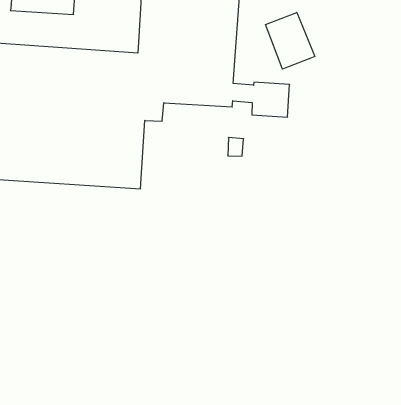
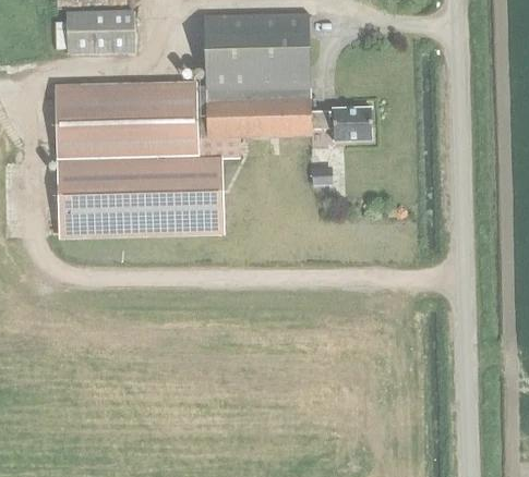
building: [265,12,315,69] -> none

